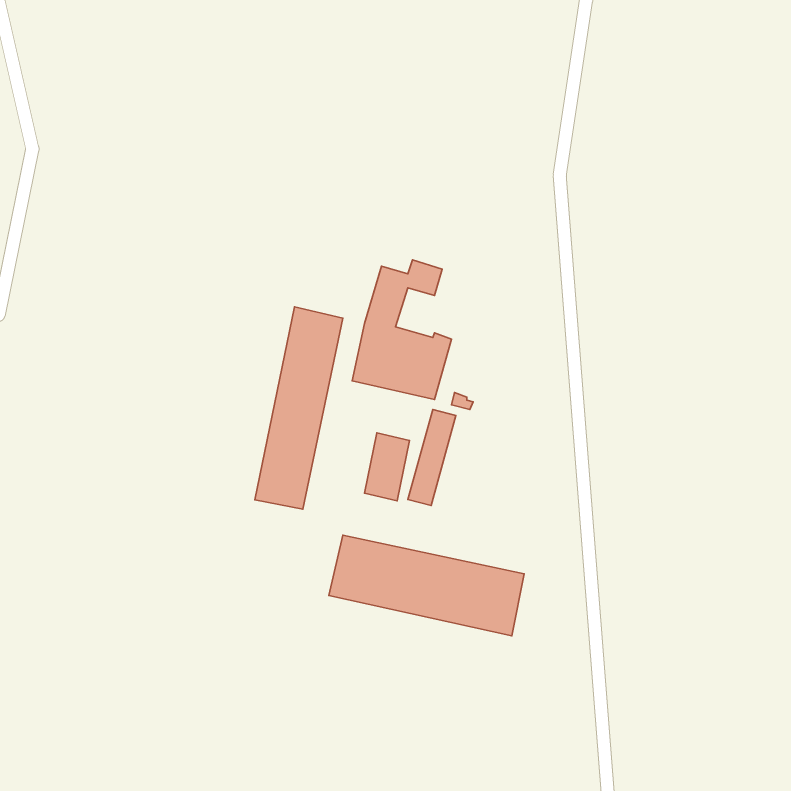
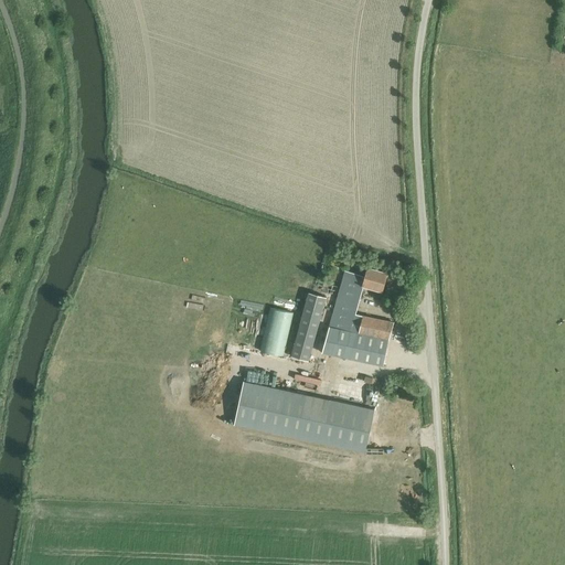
building: [352,260,451,400] -> [322,267,393,366]
building: [255,307,343,509] -> none

